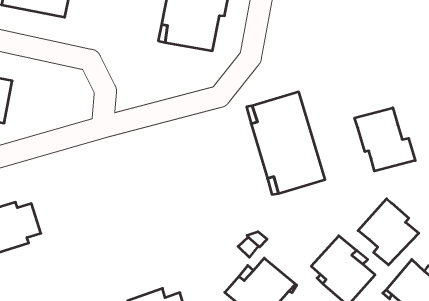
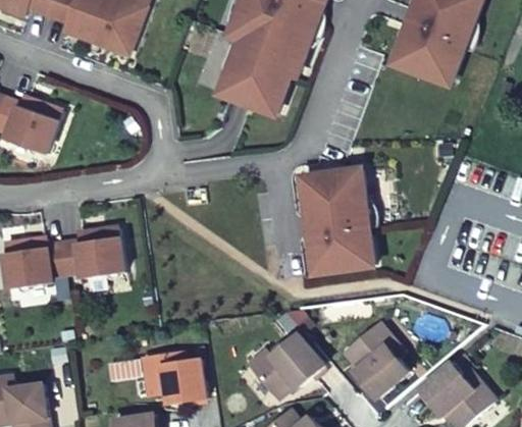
building: [355,108,415,171] -> none
building: none -> [61,226,123,276]
building: [358,199,419,265] -> none

